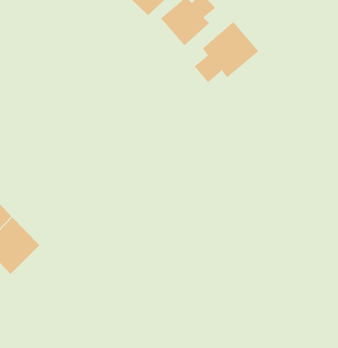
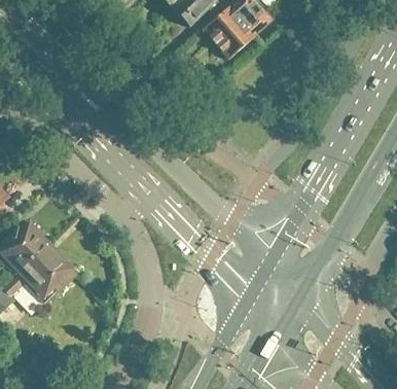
building: [194,21,259,83] -> none

